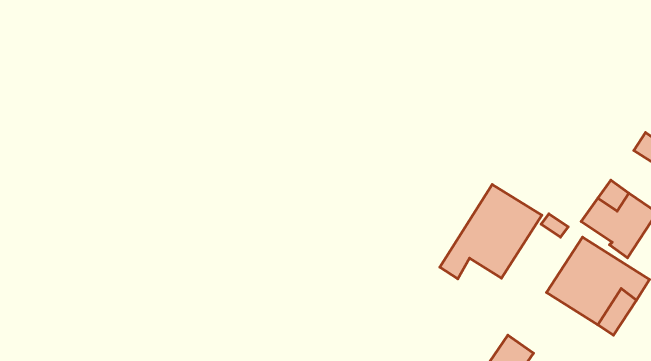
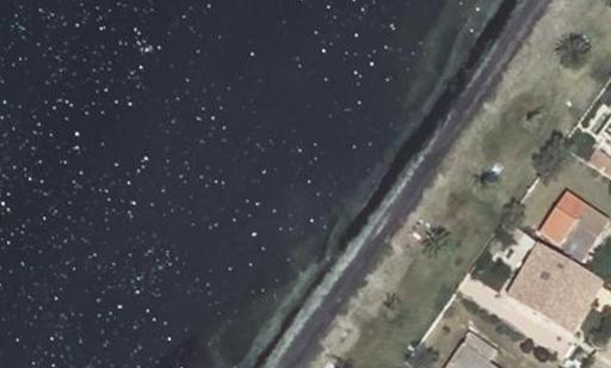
building: [440,185,542,279] -> none

